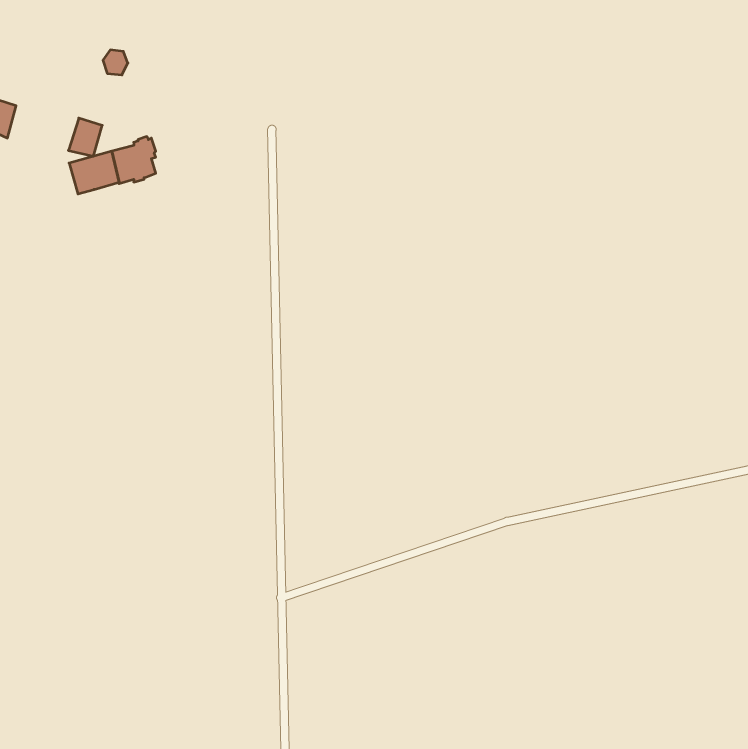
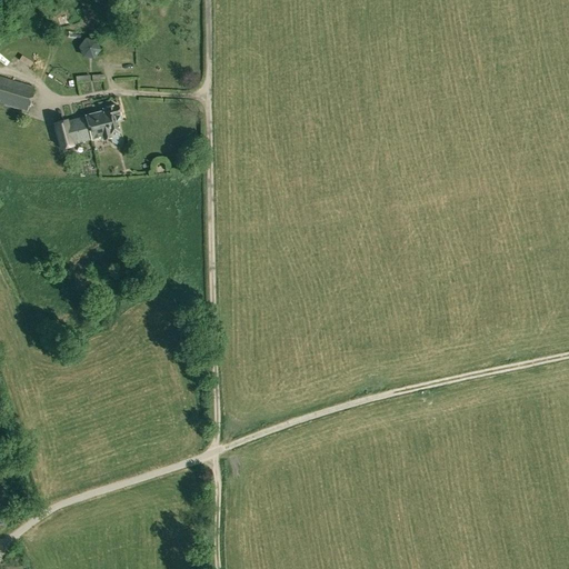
building: [68,118,102,156] -> [6,80,31,109]

